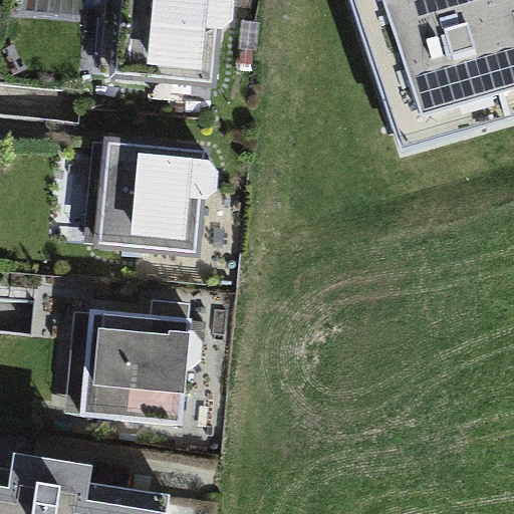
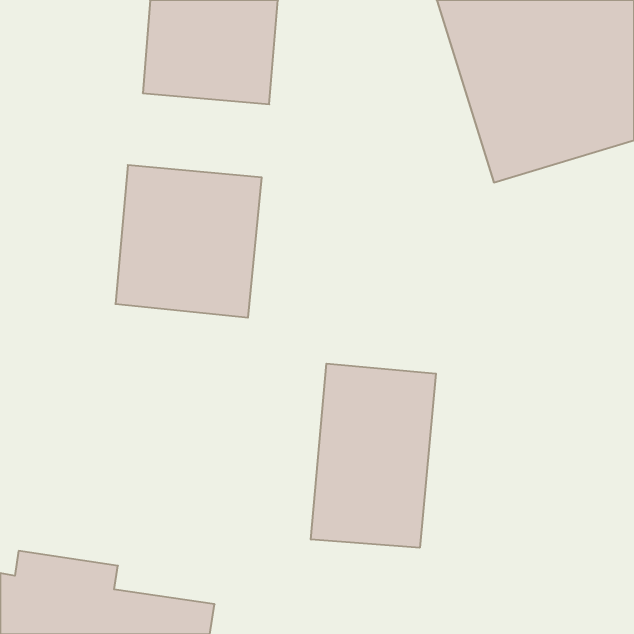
building: none -> [311,364,436,548]
building: [81,305,194,425] -> none

